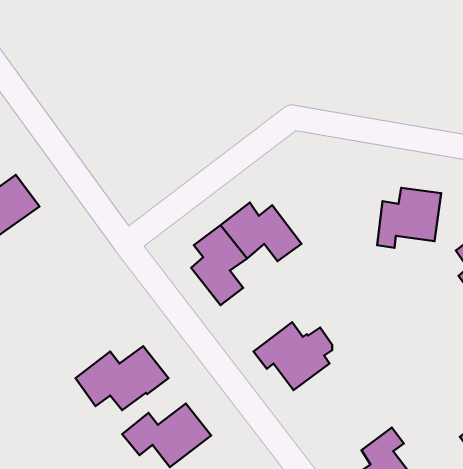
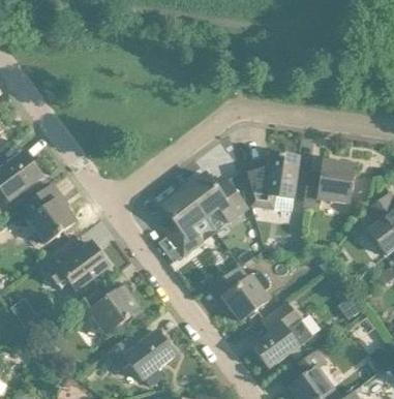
building: none -> [242,154,301,212]
building: none -> [23,187,77,244]
building: none -> [42,239,110,290]
building: none -> [253,301,301,368]

